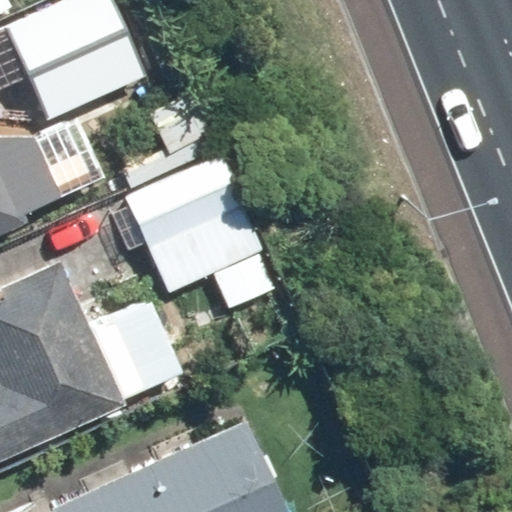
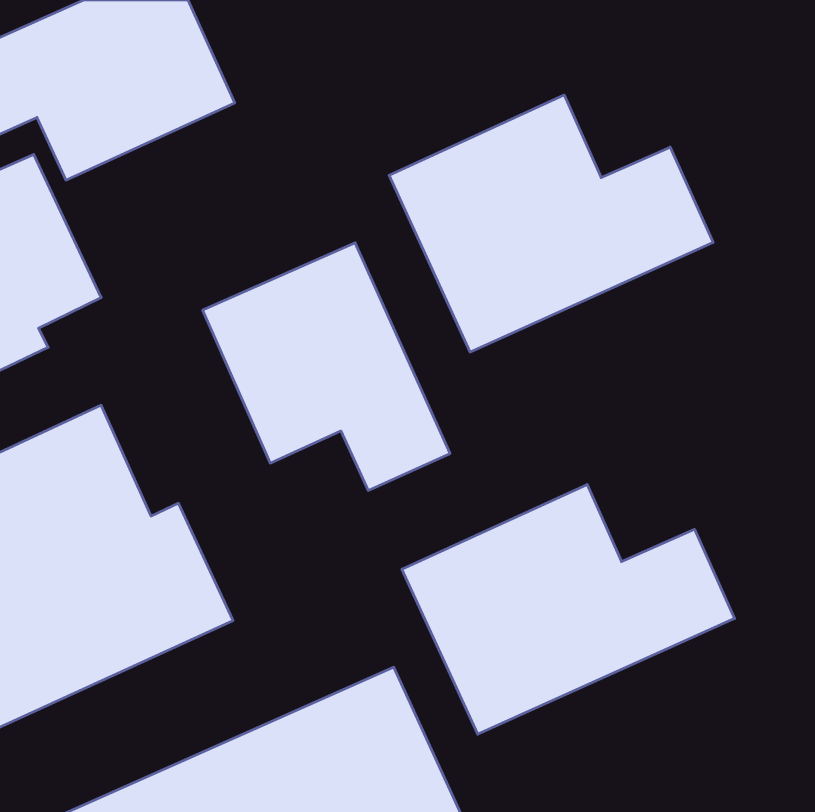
building: none -> [389,95,713,352]
building: none -> [402,484,735,734]

